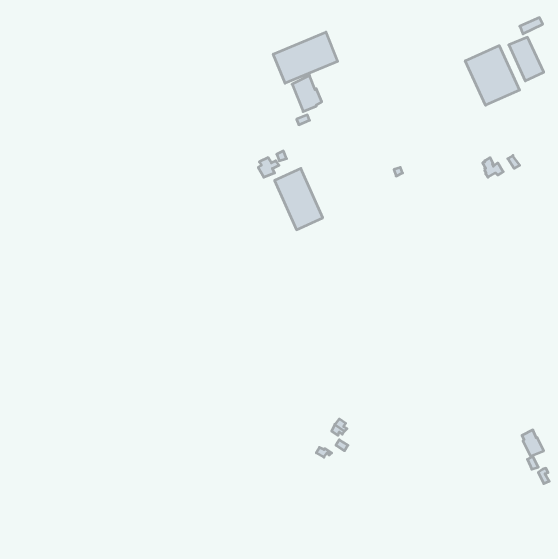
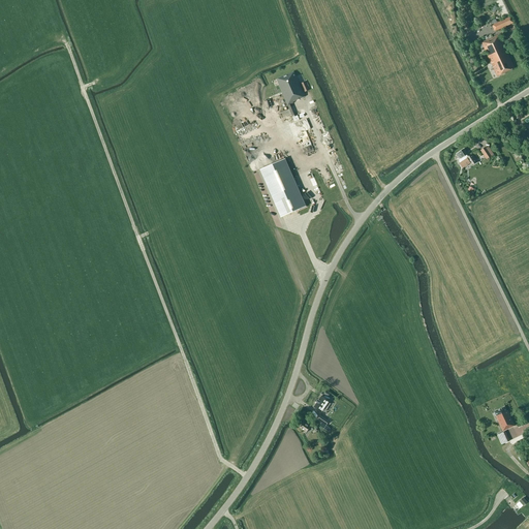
building: [273,32,338,83] -> none
building: [465,46,520,105] -> none

